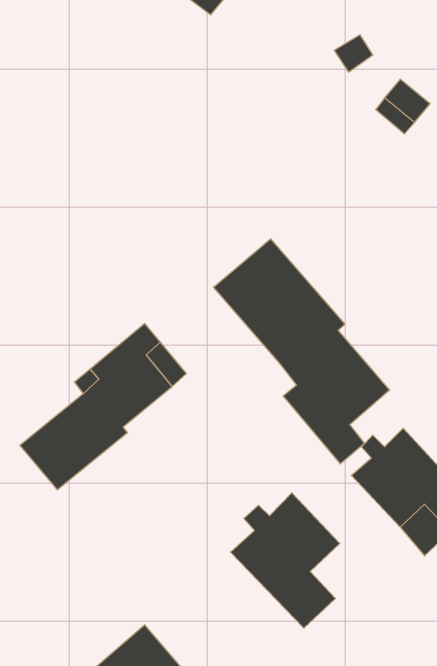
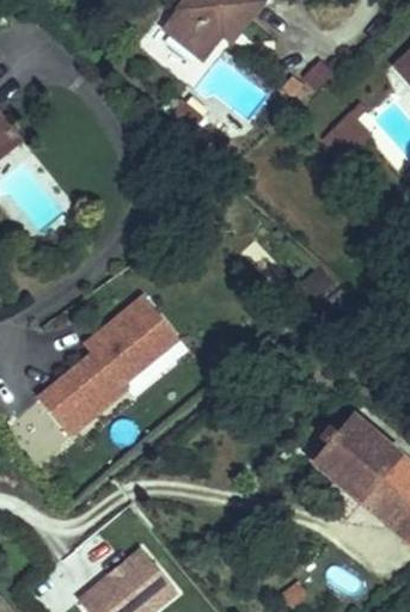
building: [213,239,390,464] -> none
building: [230,493,340,628] -> none

